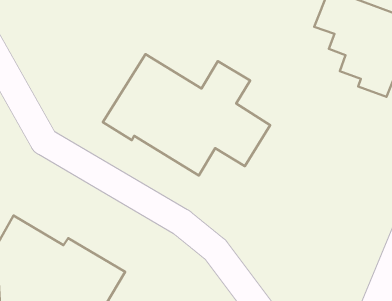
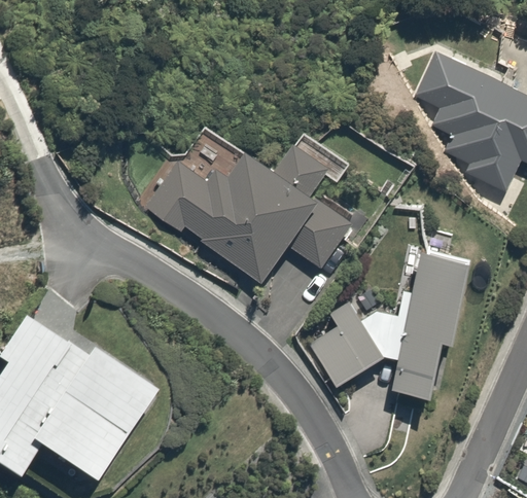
building: none -> [310,250,471,394]

